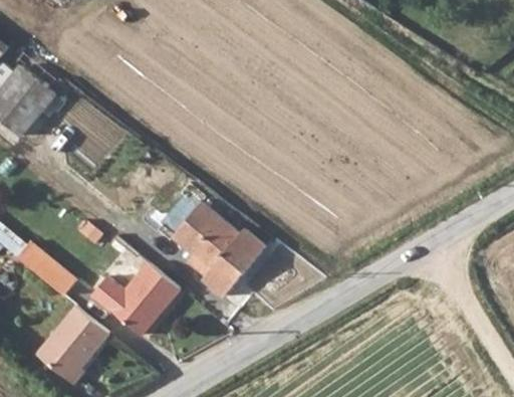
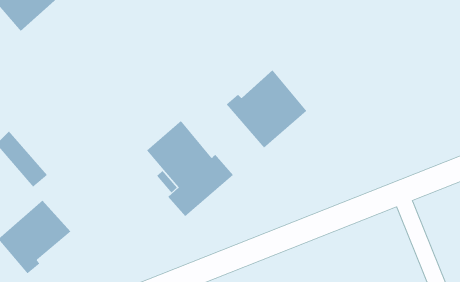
building: none -> [226,70,307,148]
building: [89,260,178,334] -> none

